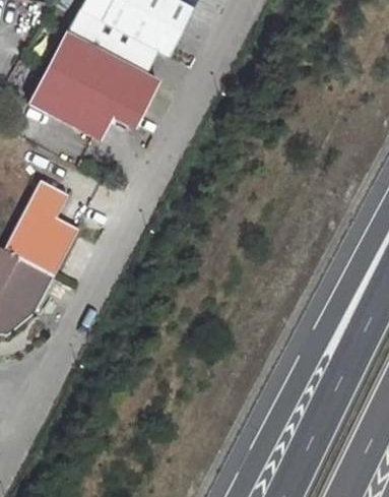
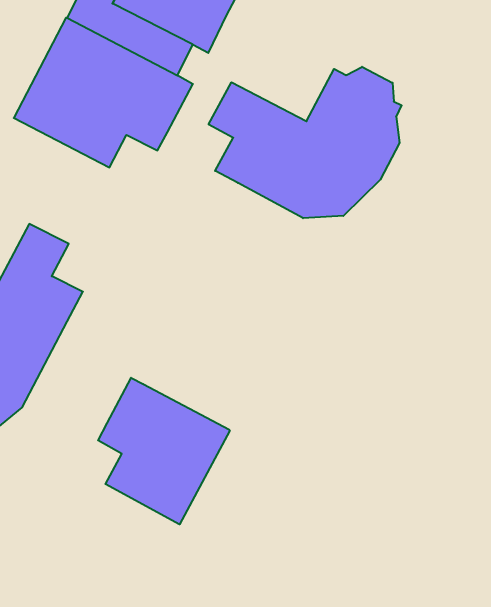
building: none -> [209,67,402,218]
building: none -> [98,378,230,524]

